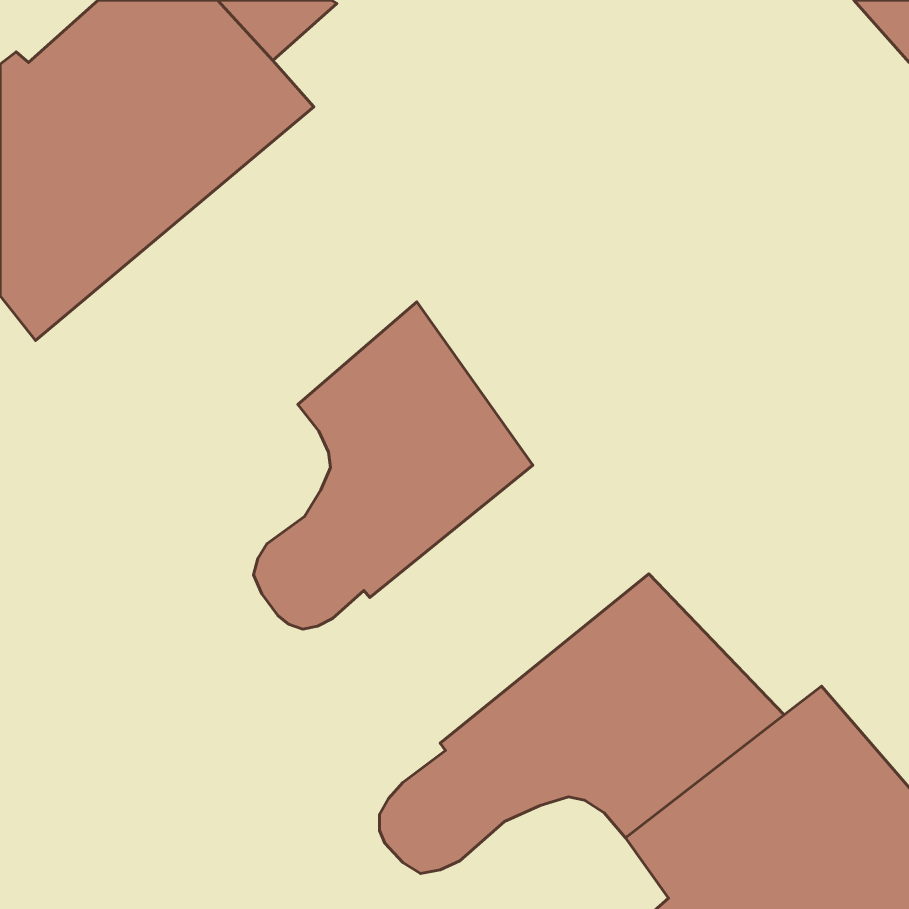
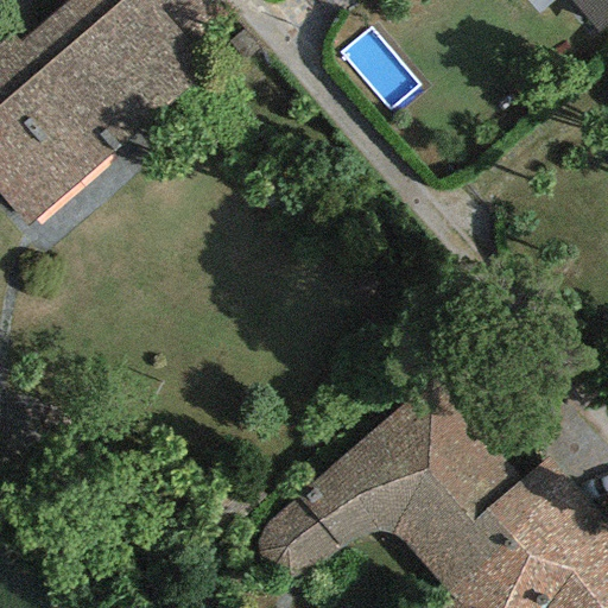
building: [253,302,533,629] -> none

